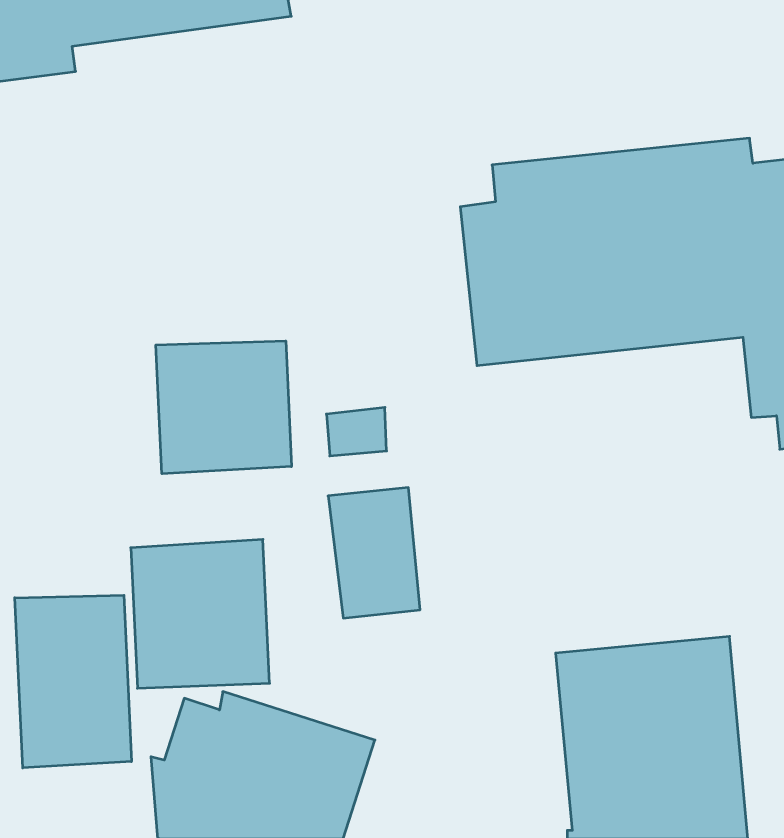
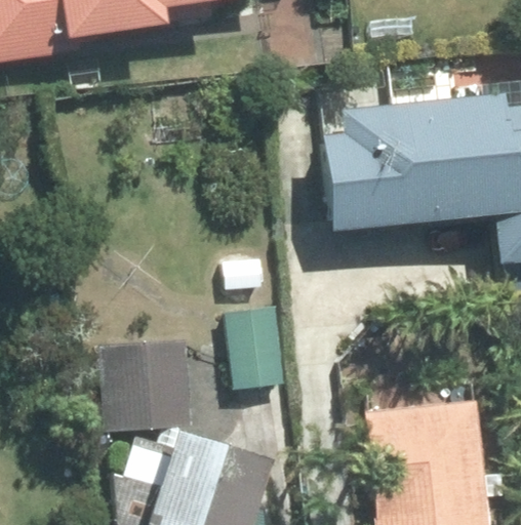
building: [156,341,291,474] -> none
building: [15,595,131,768] -> none

